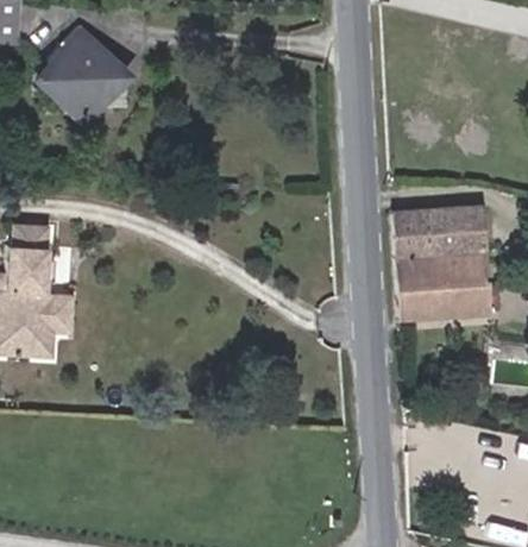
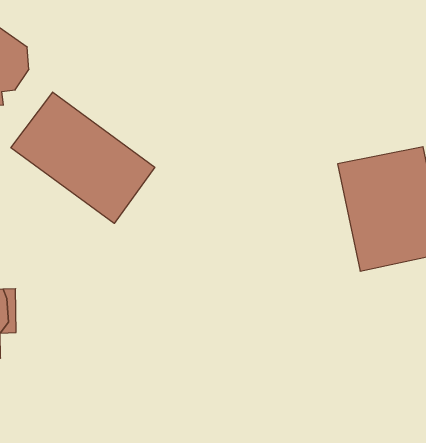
building: none -> [11,92,155,223]

